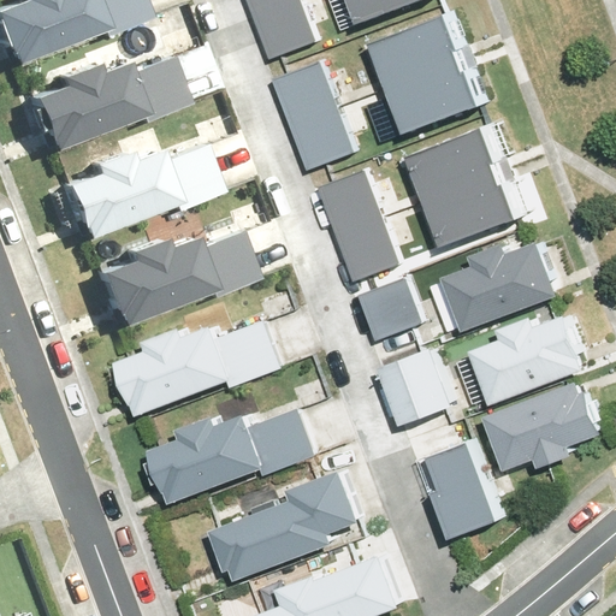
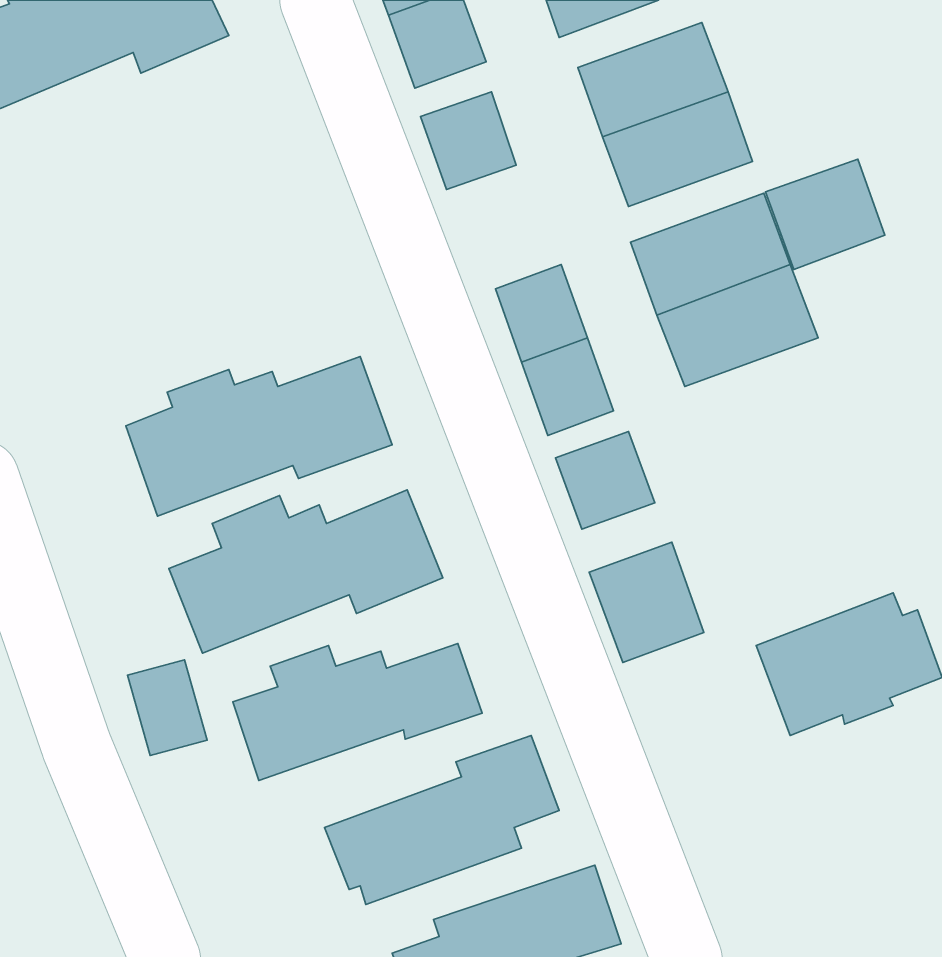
building: [17,53,184,155] -> none
building: none -> [766,159,885,269]
building: [286,107,348,168] -> none
building: [43,130,217,245] -> none
building: [446,243,555,328] -> none
building: [470,314,582,401] -> none
building: none -> [128,660,207,755]
building: [427,439,498,537] -> none

